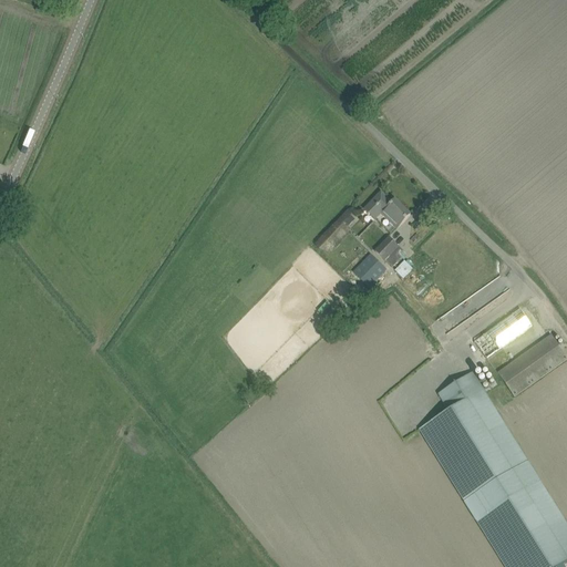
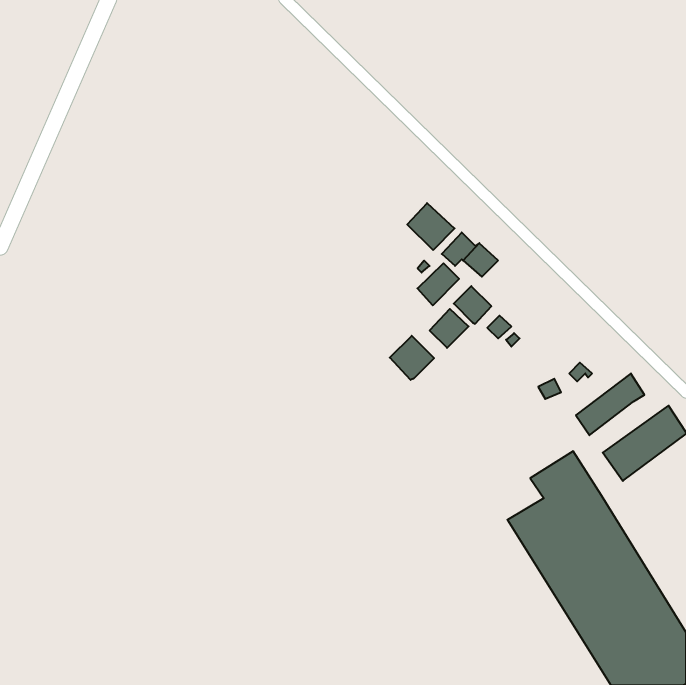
building: none -> [407,203,455,250]
building: none -> [417,263,459,305]
building: none -> [390,336,434,380]

